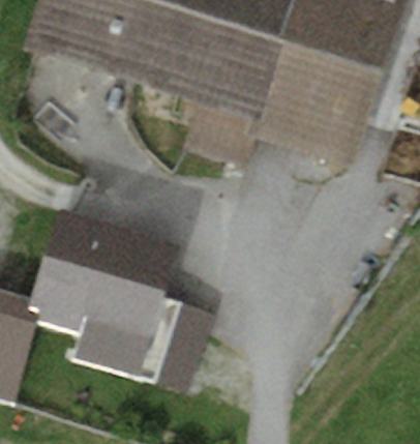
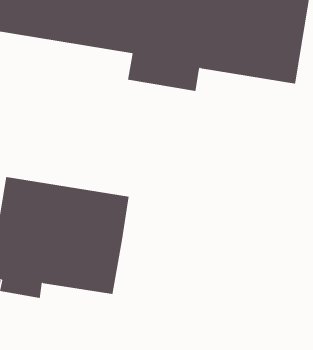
building: [65,290,212,389] -> none

